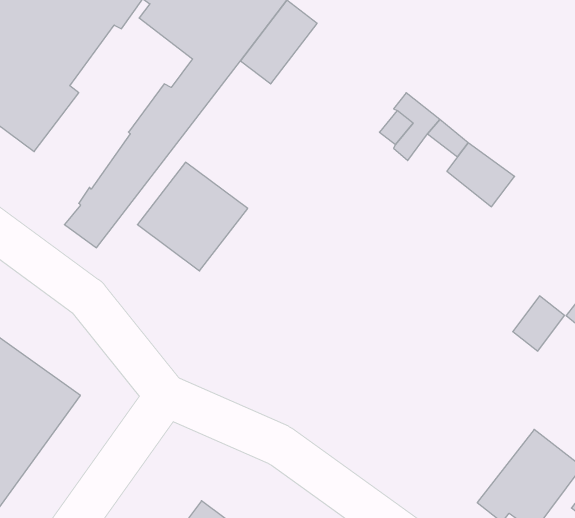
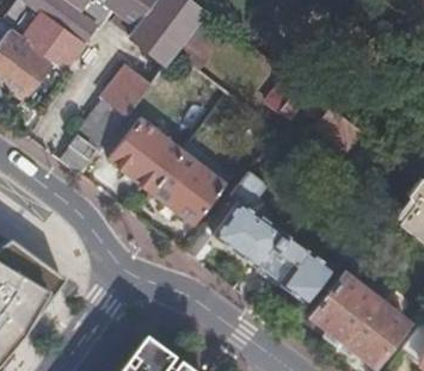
building: none -> [149,150,225,224]
building: none -> [184,169,332,304]
building: none -> [309,273,374,347]

